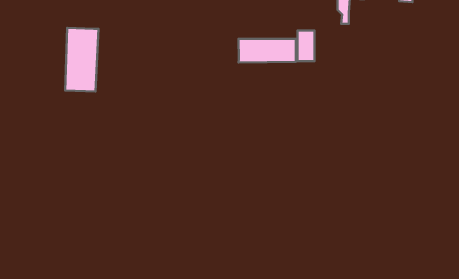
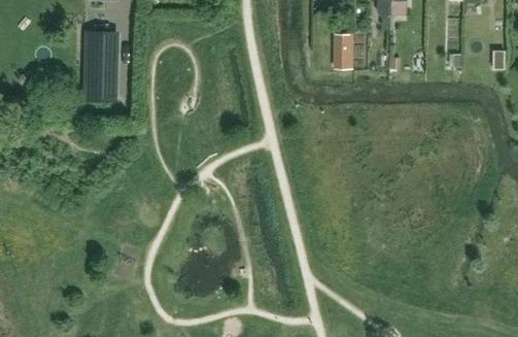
building: [239,39,296,63] -> none

